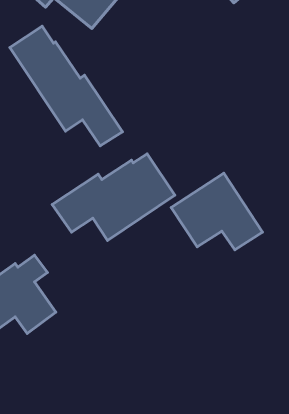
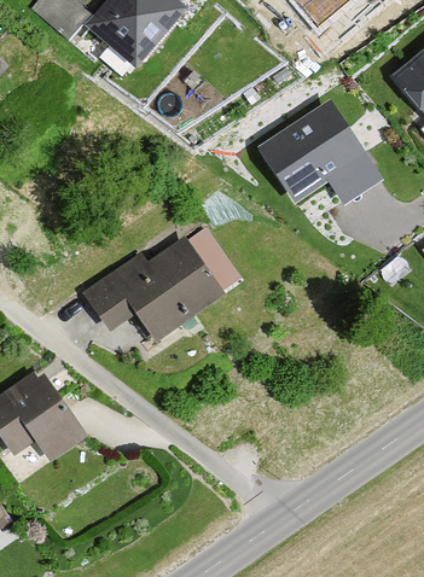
building: [10,26,123,146] -> none
building: [171,173,263,250] -> [262,107,382,208]

